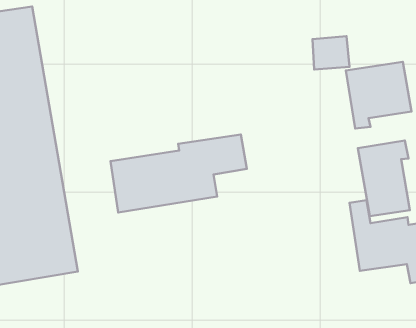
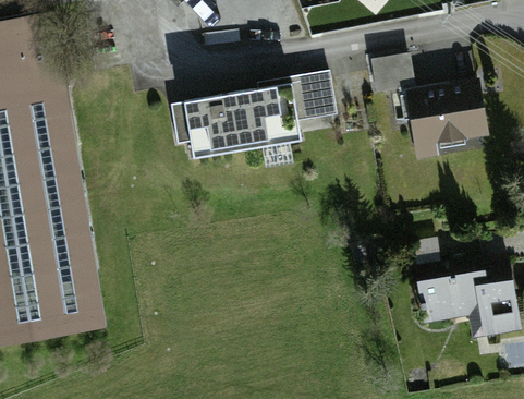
building: [110,134,247,213] -> [179,73,334,162]
building: [358,141,410,216] -> none

